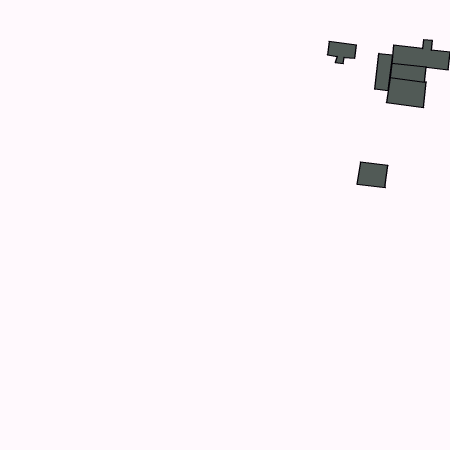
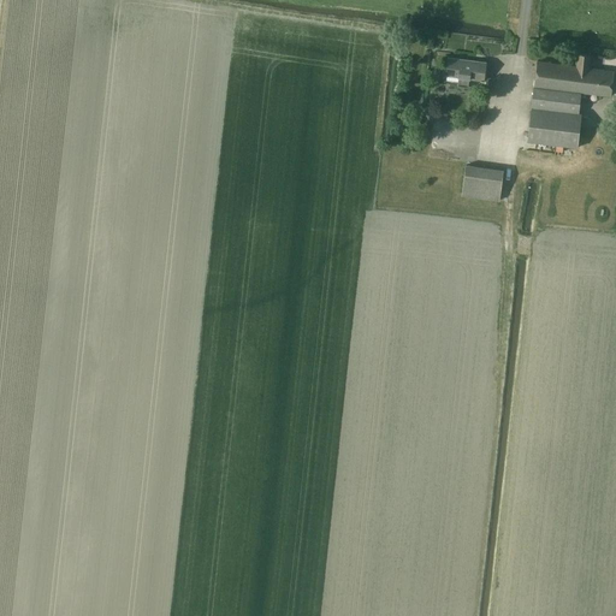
building: [375,53,393,91] -> none
building: [357,162,388,188] -> [461,166,503,201]

